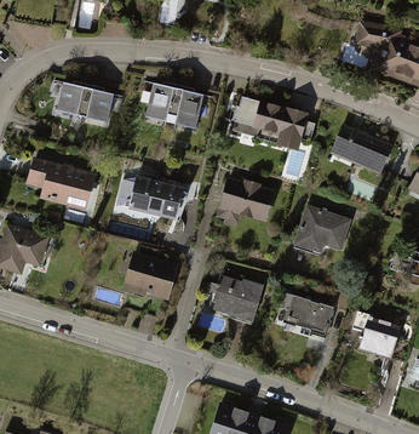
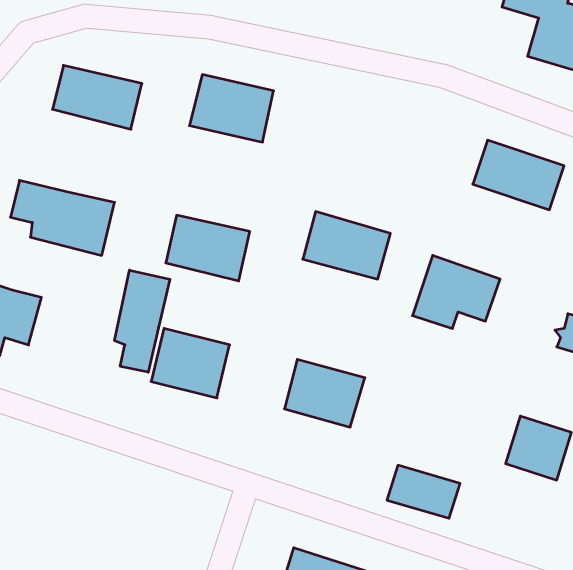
building: [236,99,314,152] -> none
building: none -> [115,270,170,372]
building: [281,296,329,331] -> [387,465,460,518]

